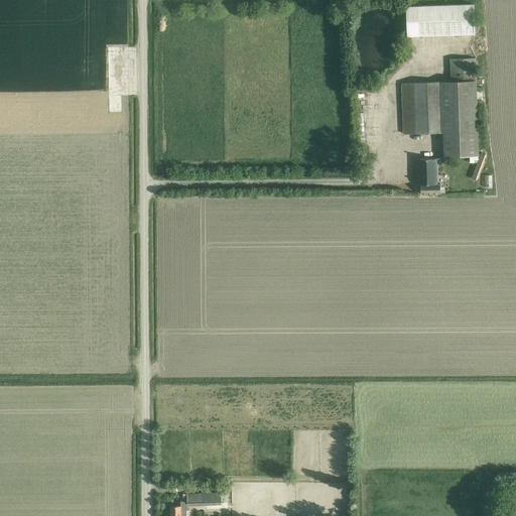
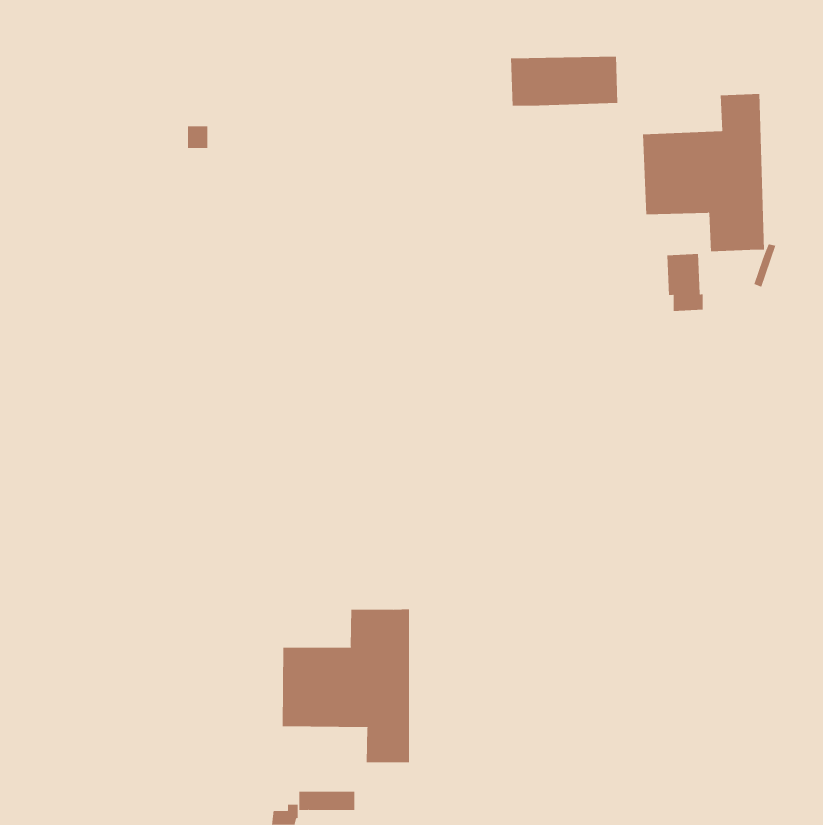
building: [406,5,474,36] -> [510,56,618,106]
building: none -> [282,609,409,763]

